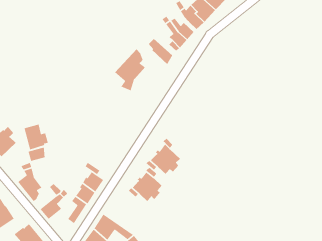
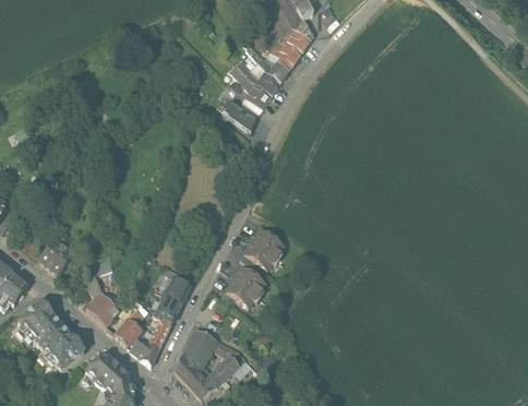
building: [114,49,146,92] -> none
building: [23,124,49,151] -> none
building: none -> [130,333,159,363]

